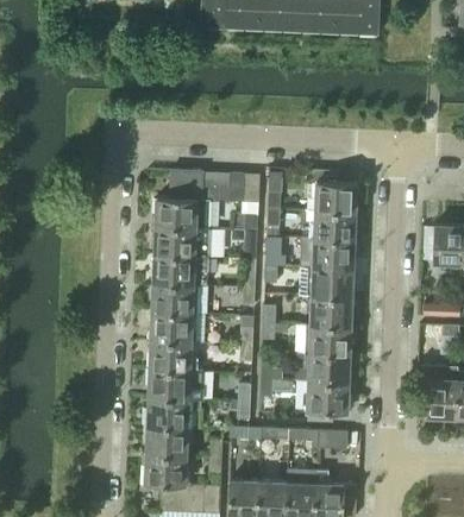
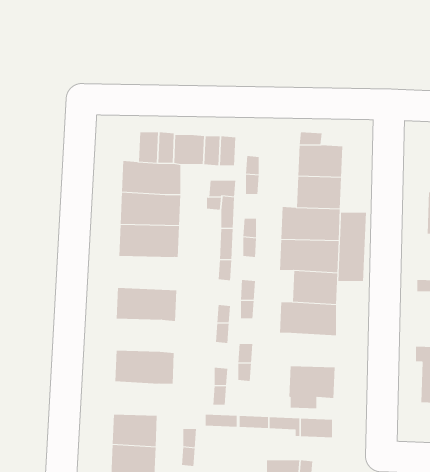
building: none -> [338,212,366,282]
building: [150,283,205,314] -> none
building: [149,340,190,370] -> none
building: [307,353,350,384] -> none
building: [146,397,201,428] -> none

